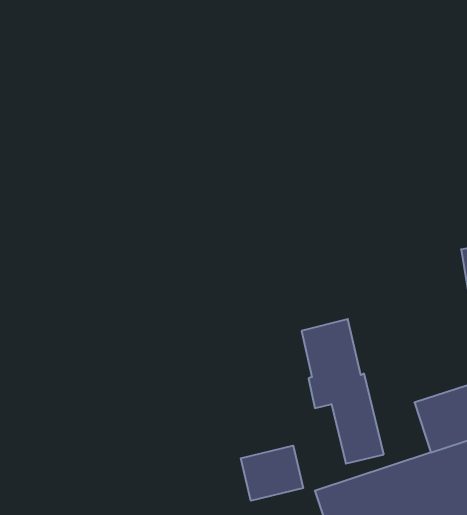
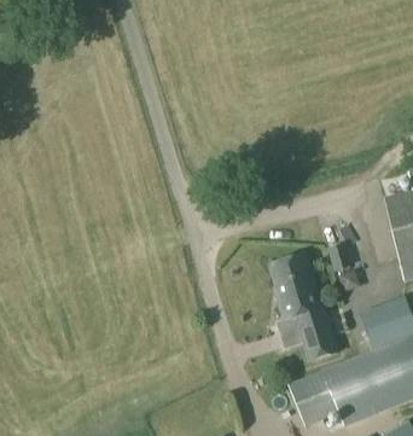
building: [241,446,303,501] -> none

